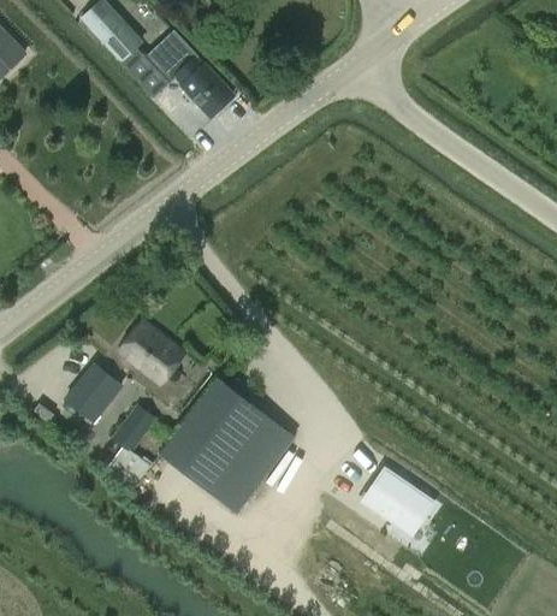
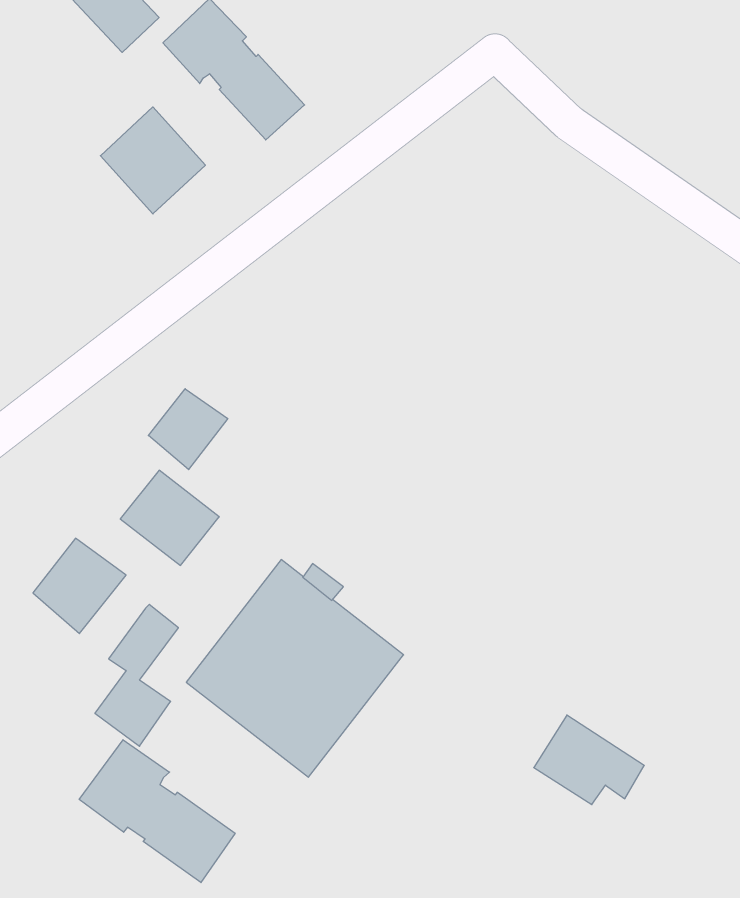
building: none -> [100,107,205,214]
building: none -> [148,389,228,470]
building: none -> [79,740,235,883]

